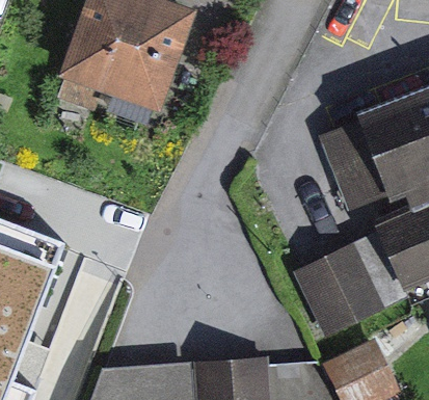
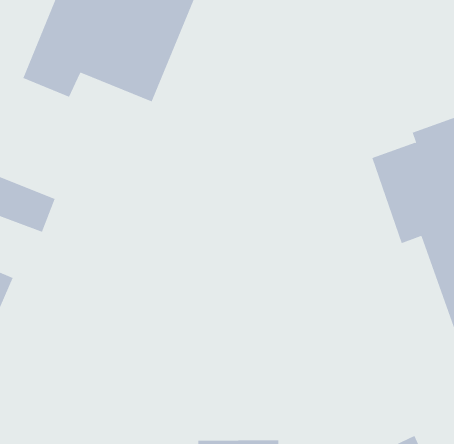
building: [297,250,376,332] -> none

